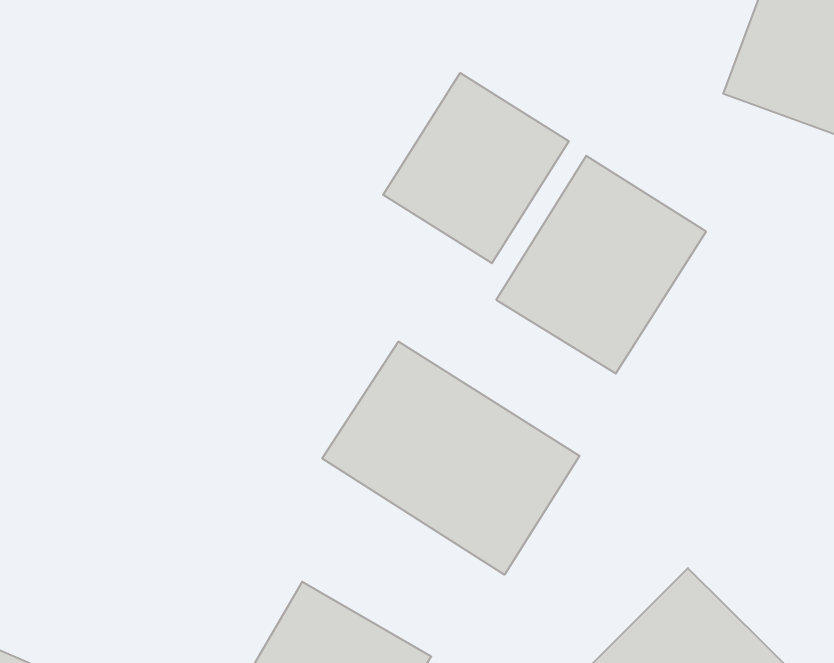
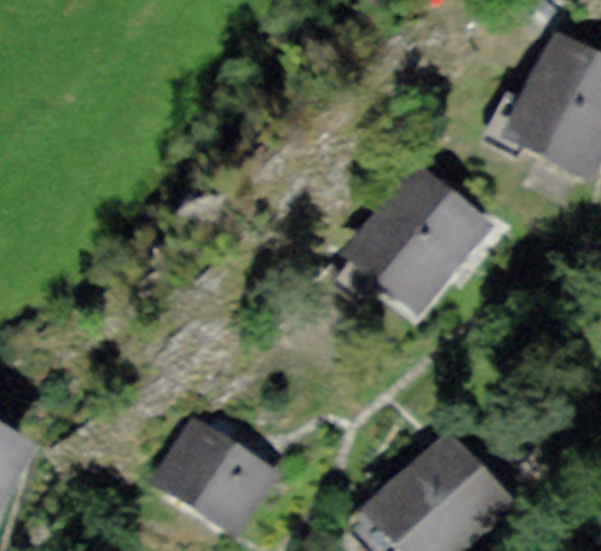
building: [383,73,569,263] -> none
building: [322,342,580,575] -> none

